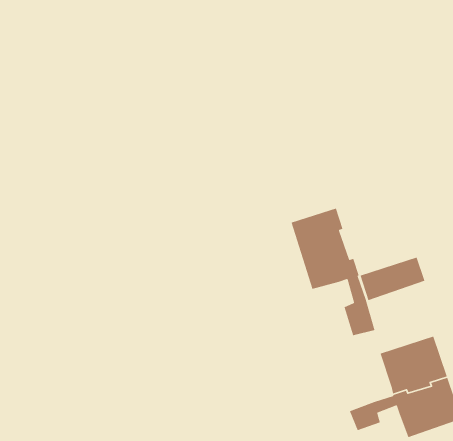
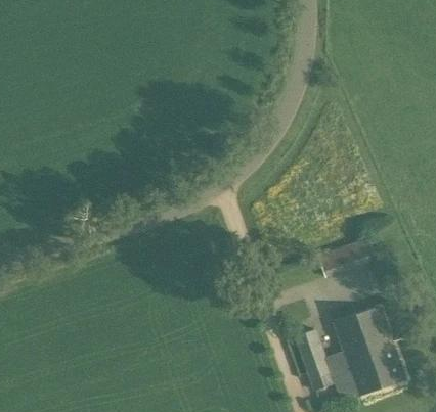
building: [291,207,375,336] -> none
building: none -> [295,327,329,371]

